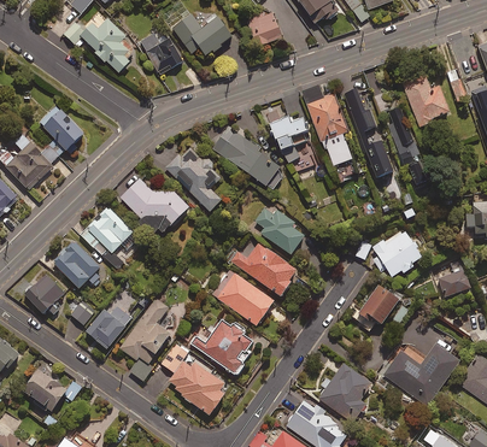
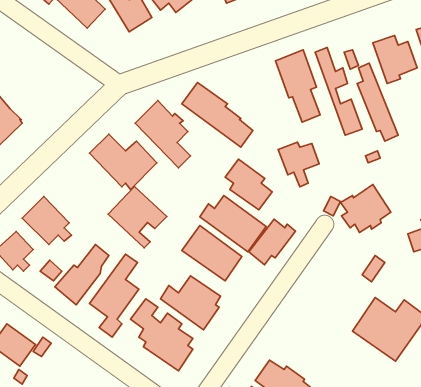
building: [40,107,82,163] -> none
building: [268,116,309,160] -> [278,142,319,187]
building: [80,206,139,267] -> [108,187,167,248]
building: [353,284,400,330] -> [249,219,296,265]
building: [318,363,371,422] -> none

